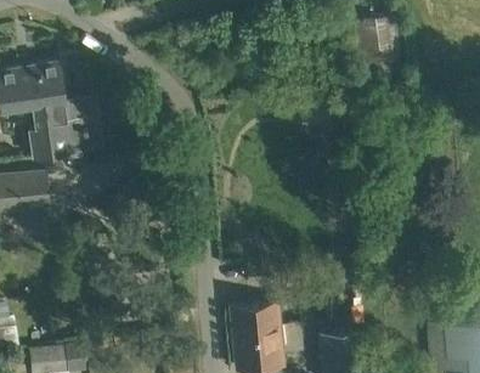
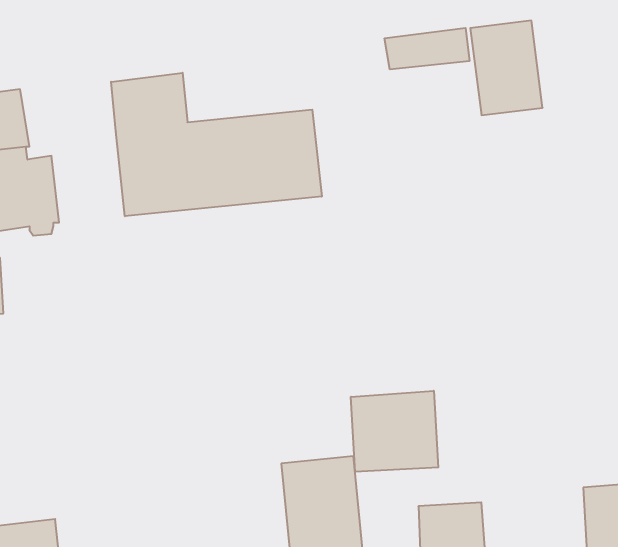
building: none -> [385,28,469,69]
building: none -> [111,73,322,216]
building: none -> [351,391,438,472]

